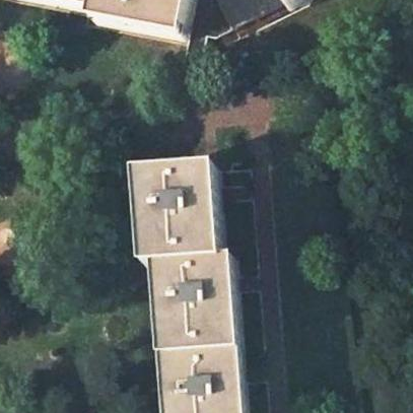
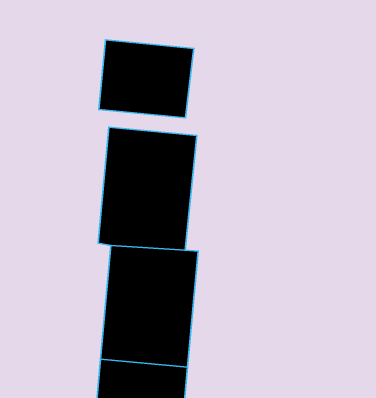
building: none -> [99,40,194,118]

